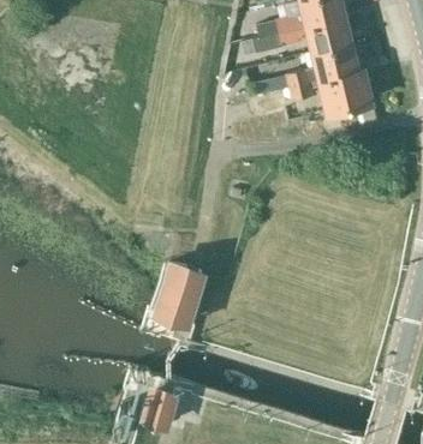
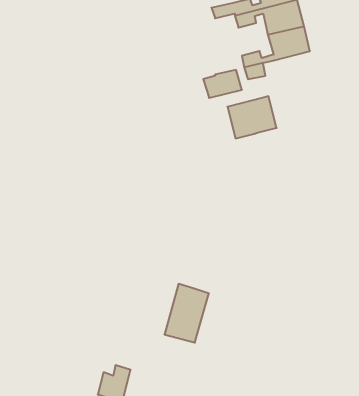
building: [321,70,371,113] -> [227,96,277,138]
building: [157,264,203,324] -> [164,284,209,343]

